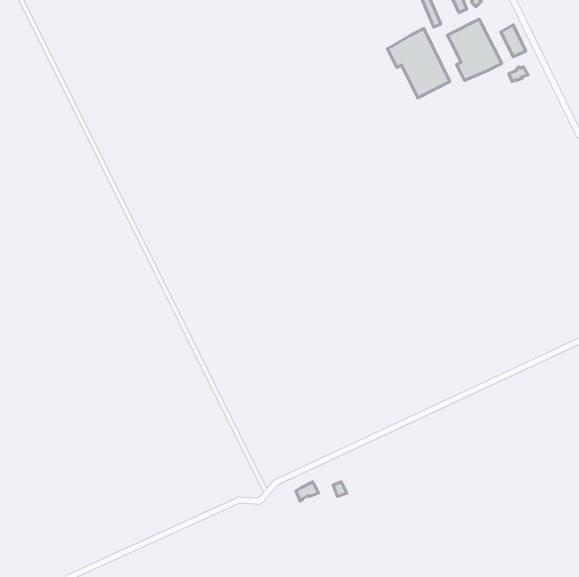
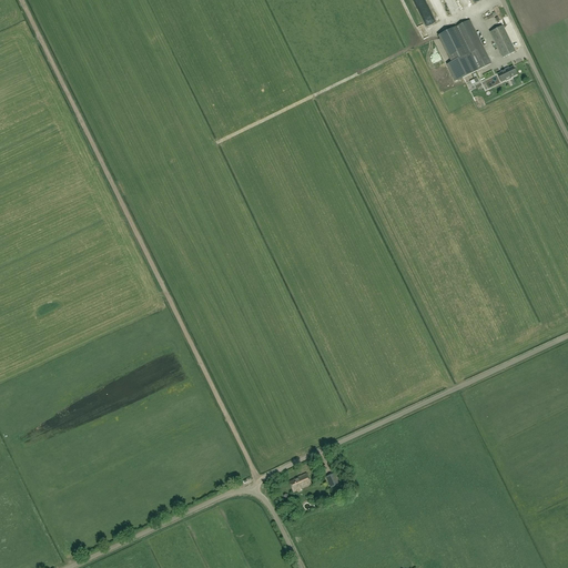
building: [388,29,450,98] -> none

